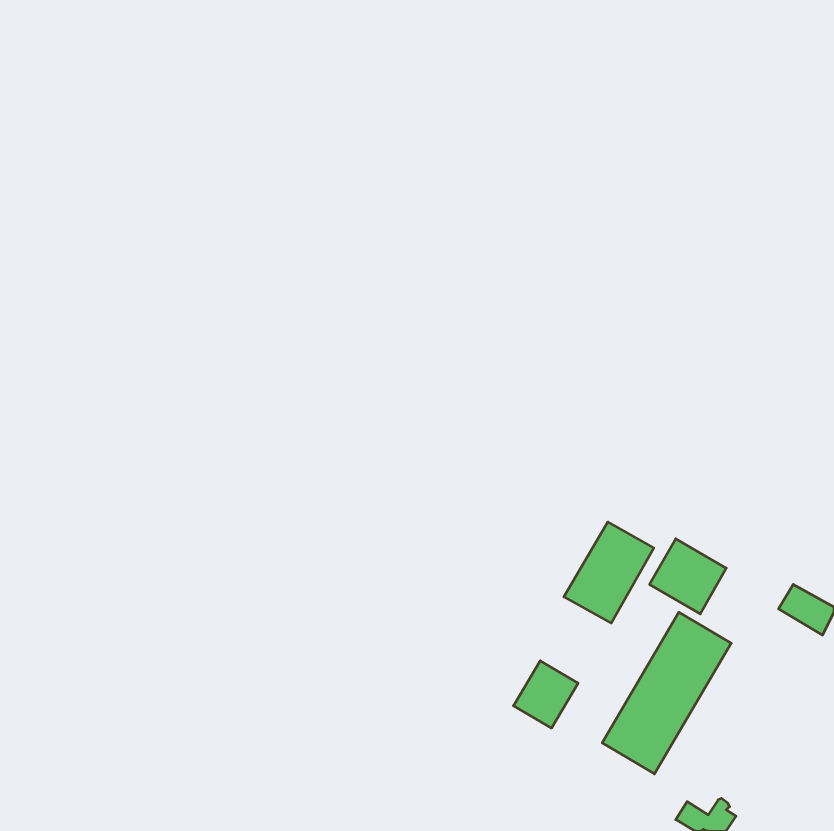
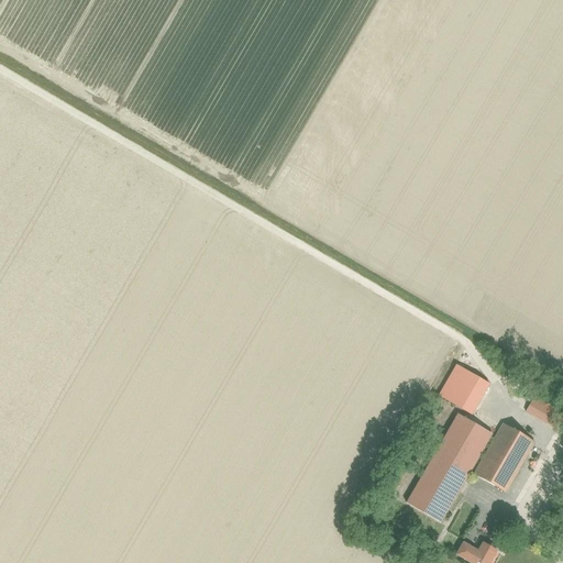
building: [564,522,654,623] -> [473,422,533,490]
building: [513,661,578,728] -> none

